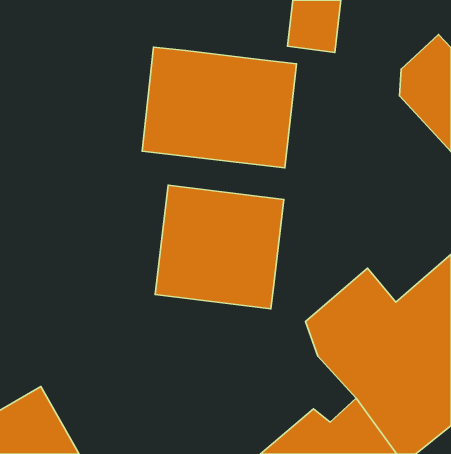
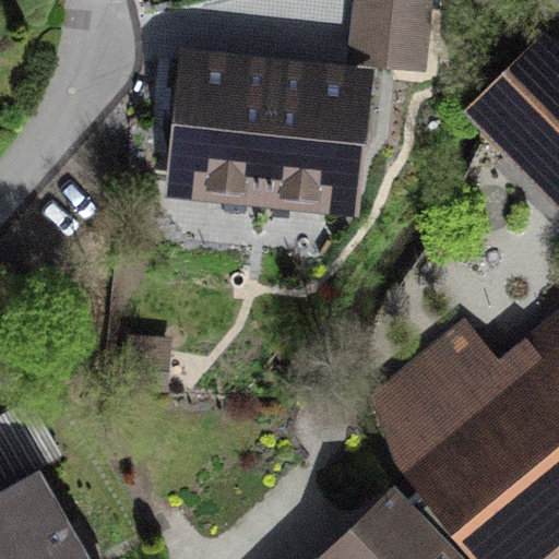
building: [155,185,284,309] -> none

